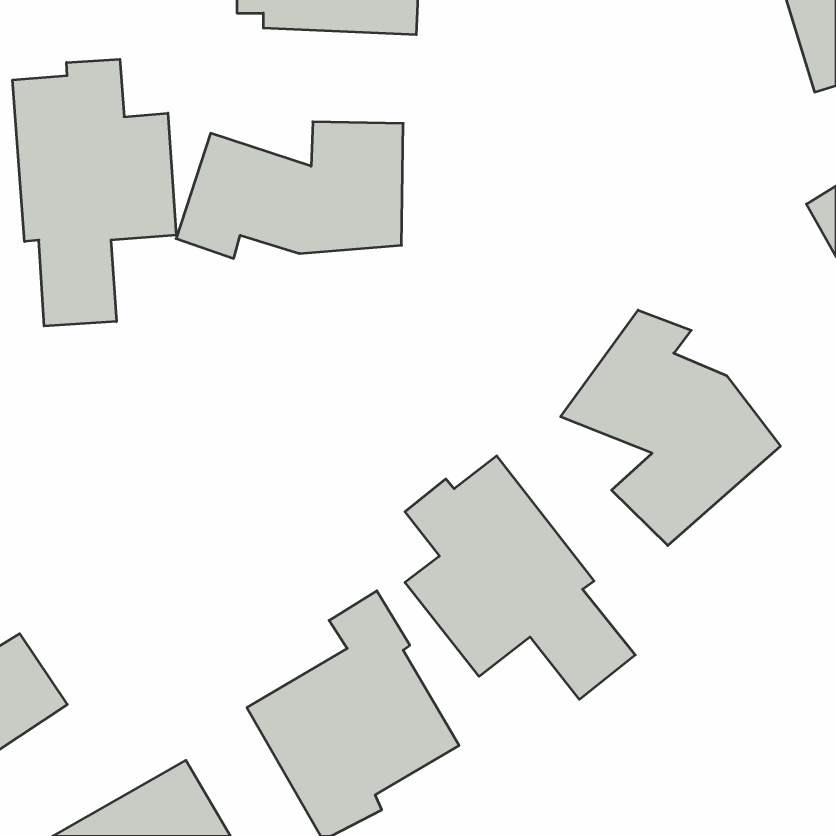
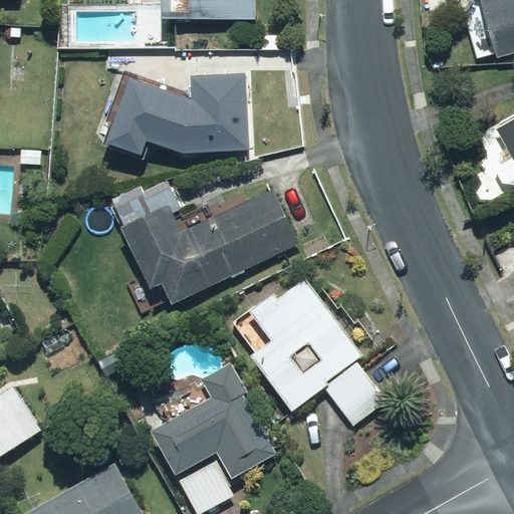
building: [13,59,176,326] -> none
building: none -> [108,178,301,306]
building: [561,310,780,546] -> none

